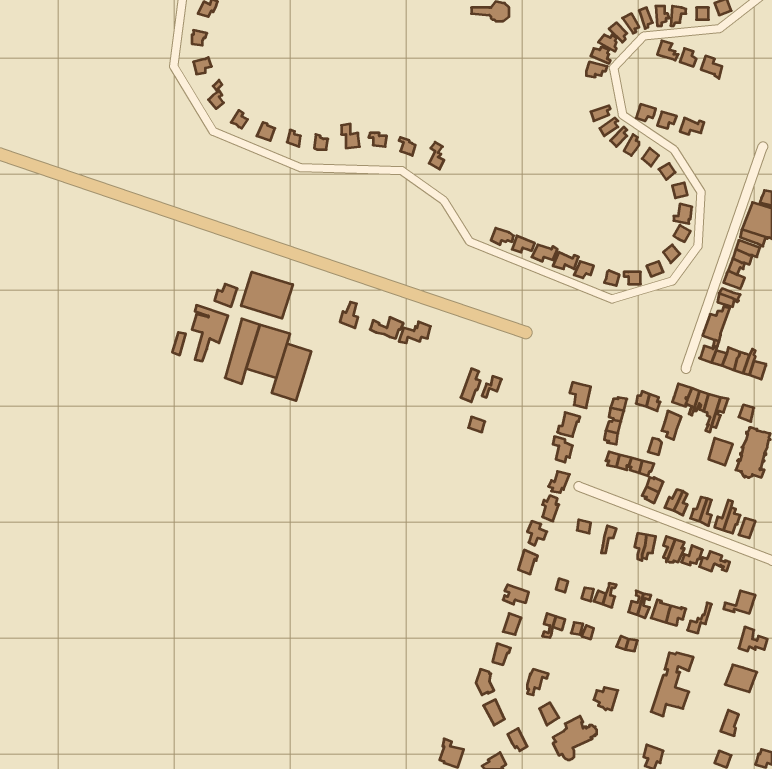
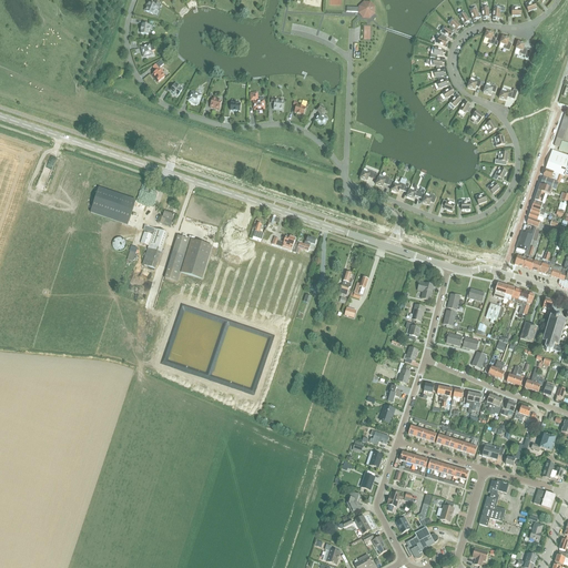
building: none -> [91,186,135,223]
building: [241,272,293,318] -> none
building: [272,344,311,401] -> none

